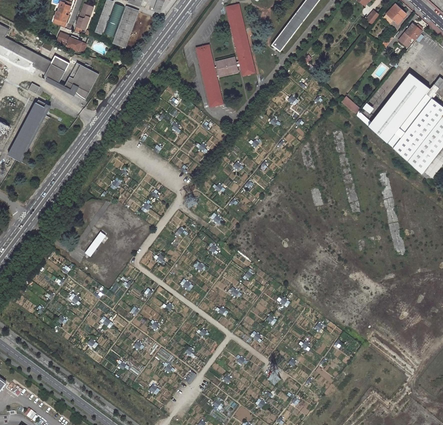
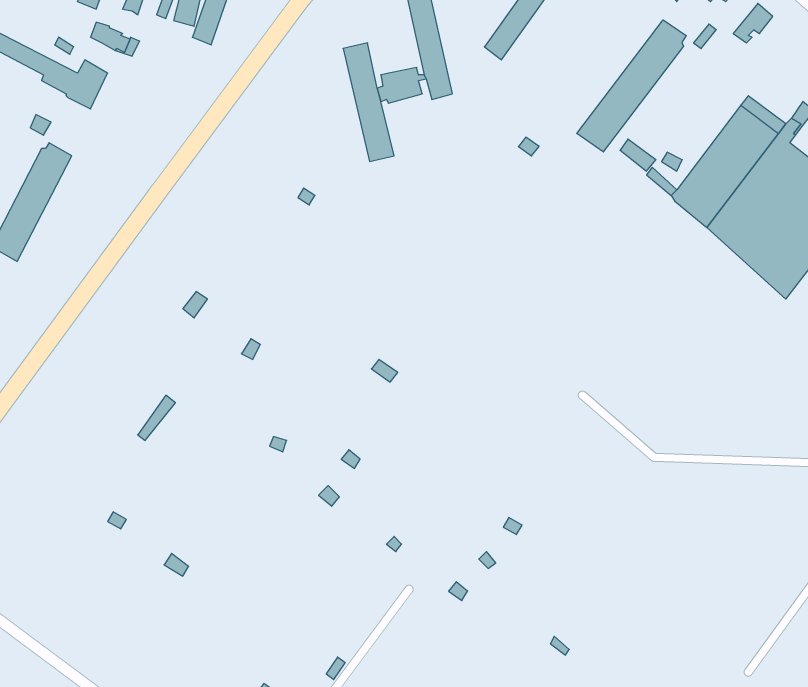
building: none -> [577,20,686,152]
building: [48,59,101,95] -> none

